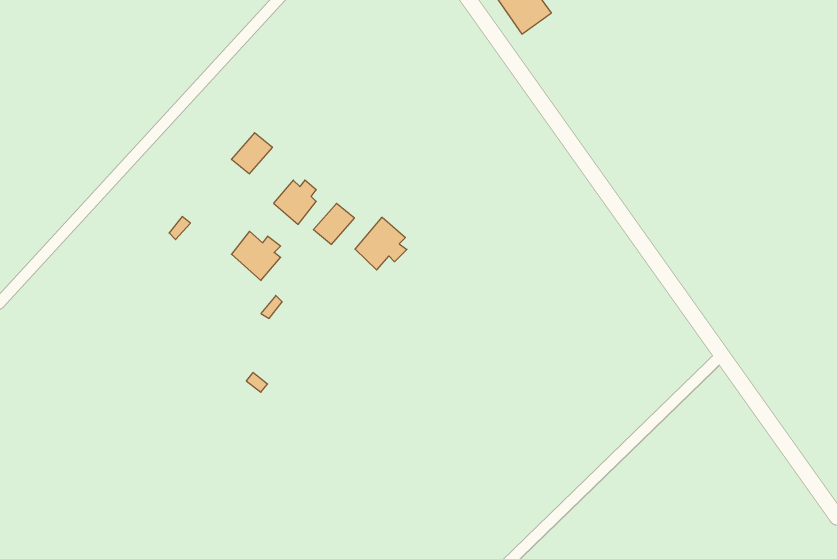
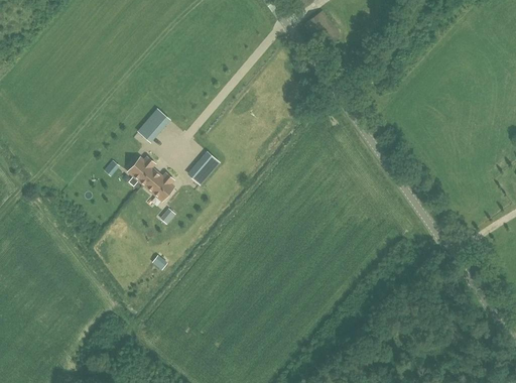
building: [274,180,316,224] -> [127,156,153,183]
building: [355,217,407,270] -> none

